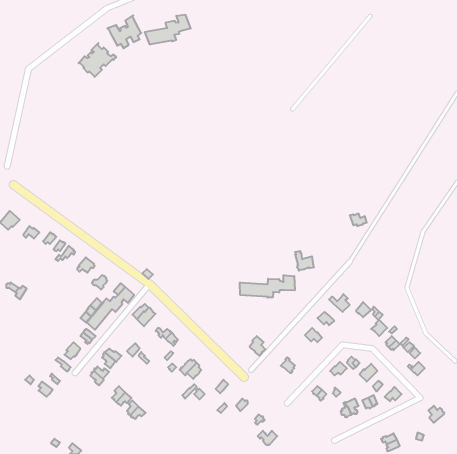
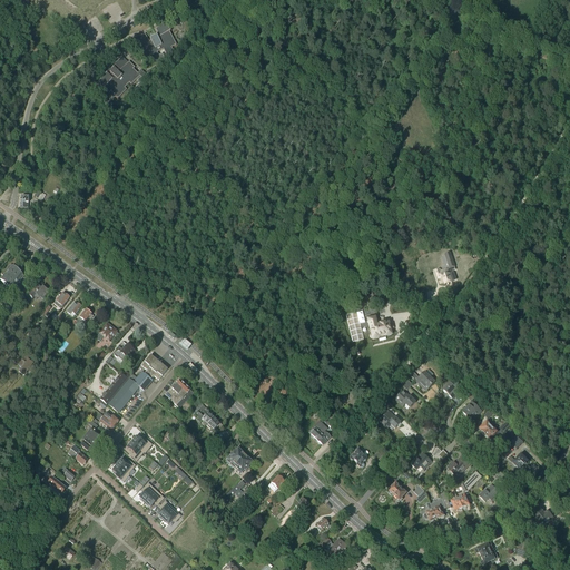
building: [145,15,191,45] -> none
building: [240,275,295,298] -> none

